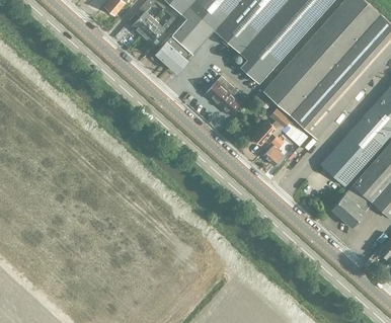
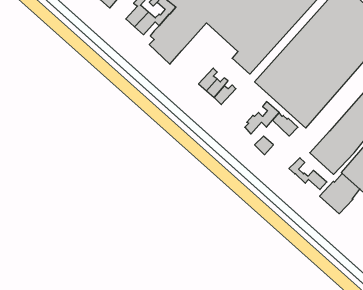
building: none -> [289,158,327,190]

